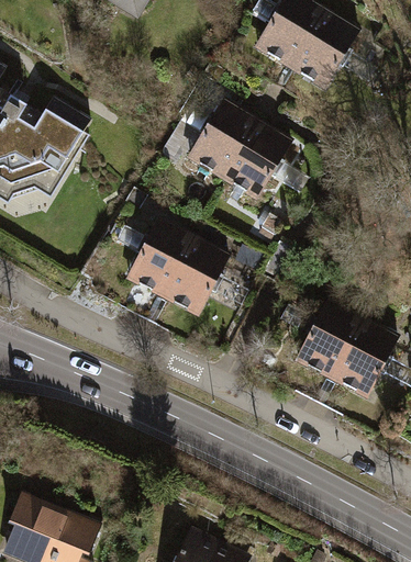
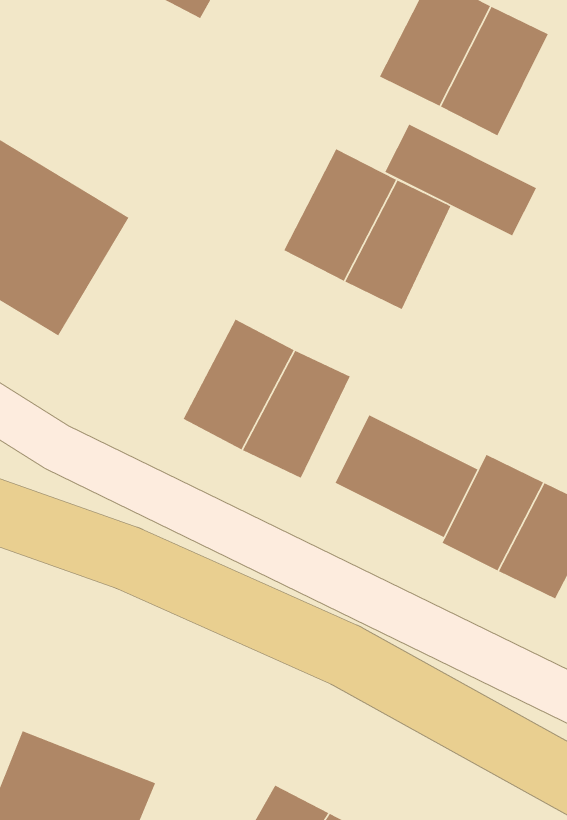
building: none -> [384,124,537,236]
building: none -> [334,414,479,538]

